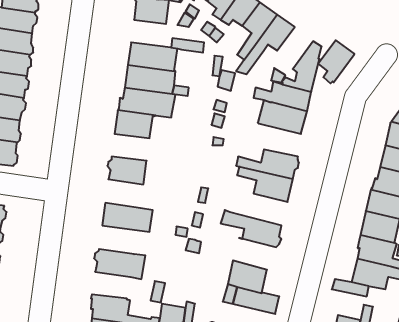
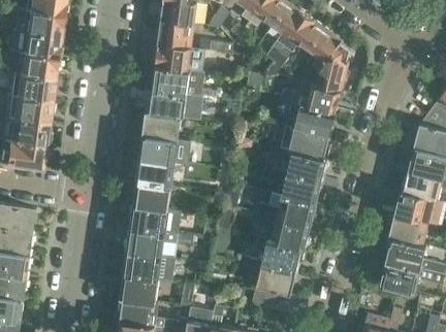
building: none -> [159,22,194,48]
building: [318,40,354,83] -> [306,29,342,72]
building: none -> [282,126,329,159]
building: none -> [139,136,186,164]
building: none -> [133,181,171,210]
building: none -> [254,194,316,228]
building: none -> [125,228,195,258]
building: none -> [254,240,305,272]
building: none -> [120,274,158,301]

